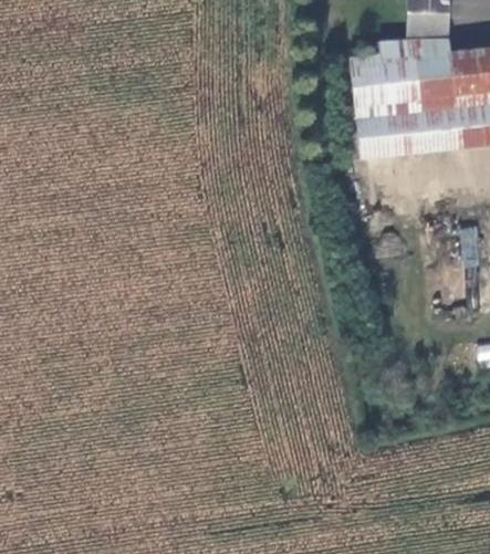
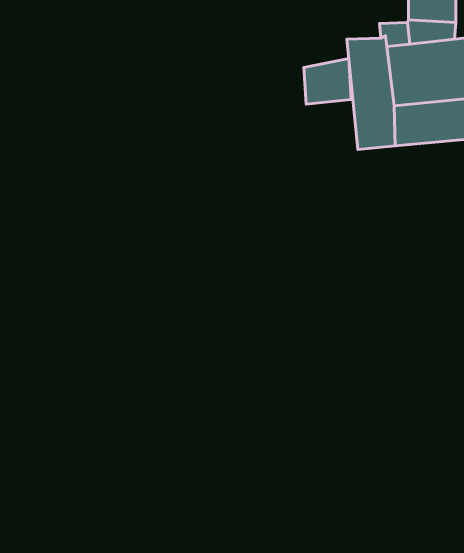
building: none -> [304,58,351,104]

